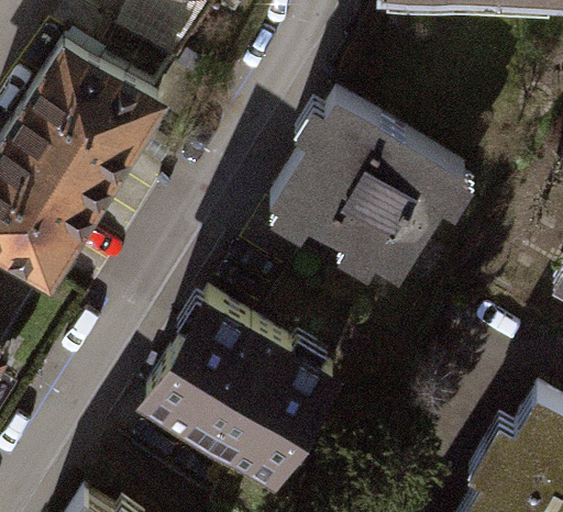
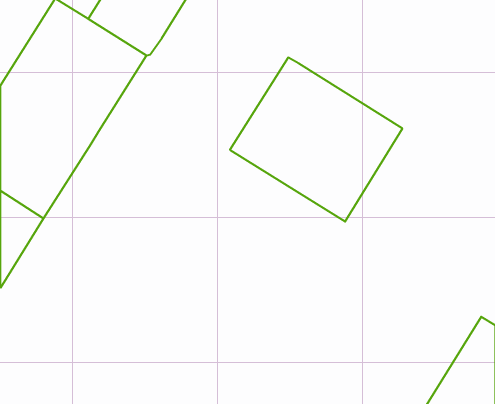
building: [137,297,325,476] -> none

